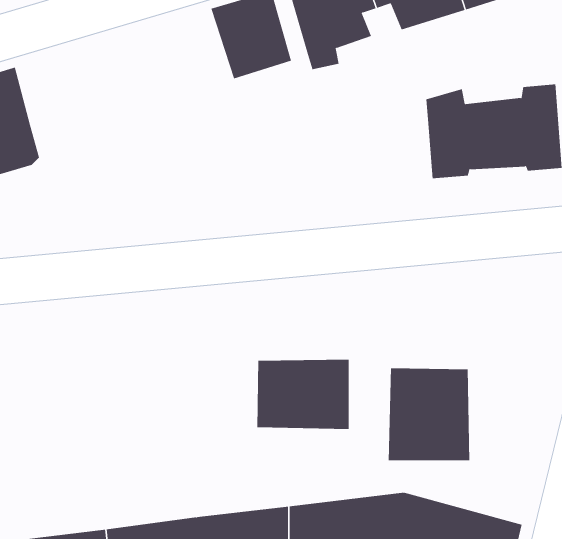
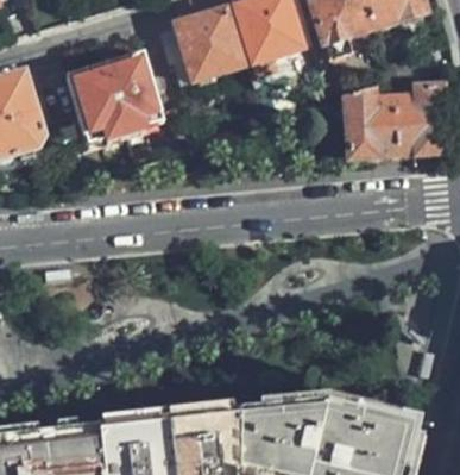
building: none -> [69,61,164,150]
building: [257,359,349,430] -> none
building: [388,368,470,461] -> none

